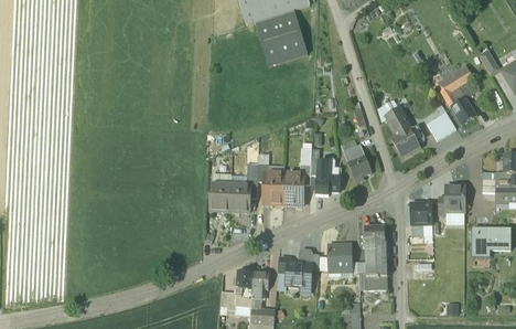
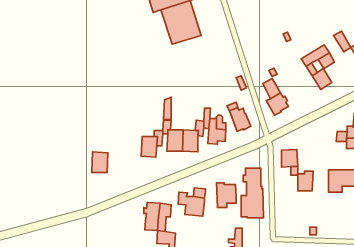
building: [426,110,455,139] -> none
building: [209,183,230,210] -> [92,152,108,172]
building: [444,184,464,210] -> [298,171,313,191]

